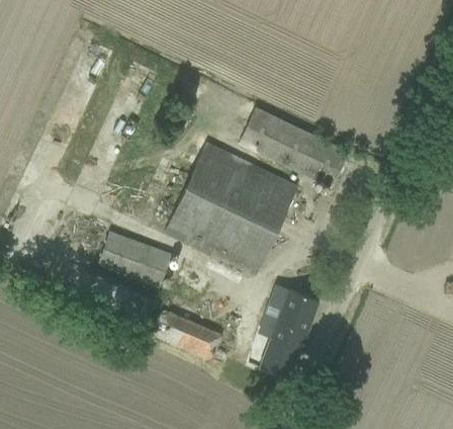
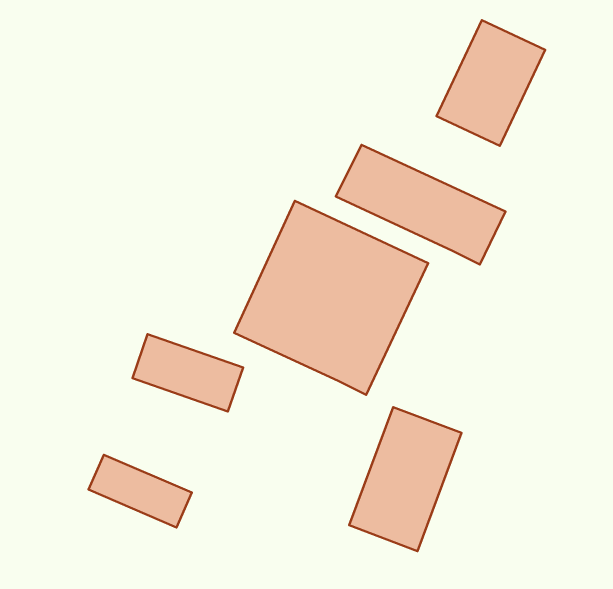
building: none -> [436,20,545,146]
building: [153,309,221,357] -> [89,455,192,527]

